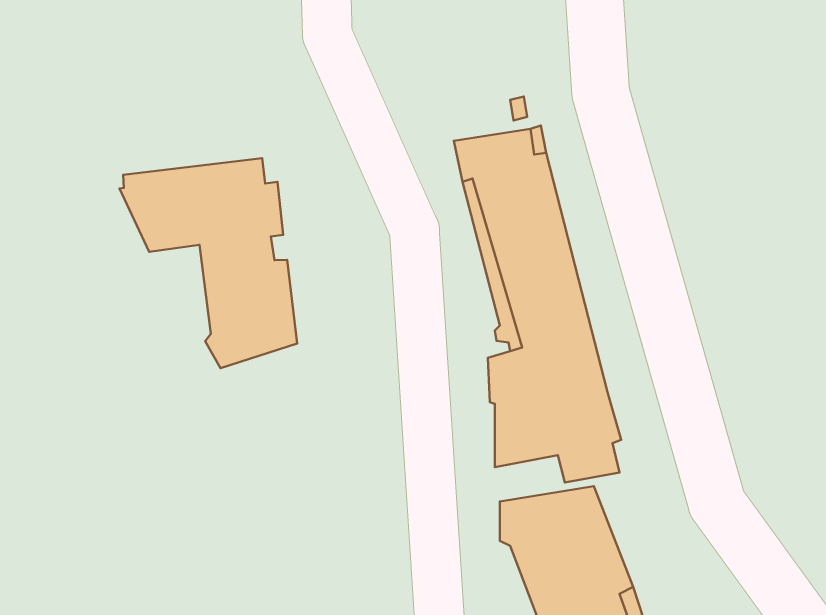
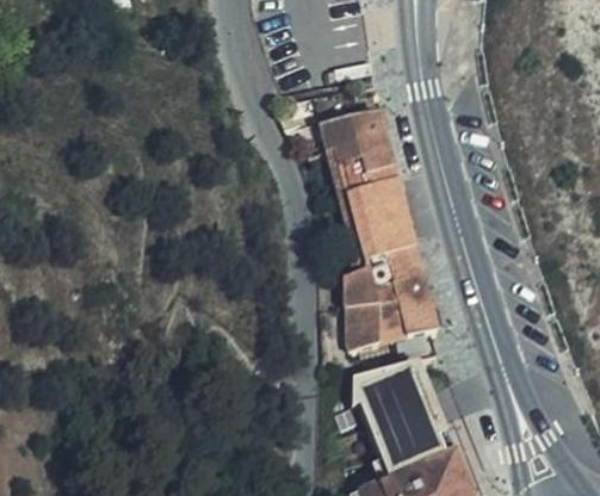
building: [119,158,297,368] -> none

